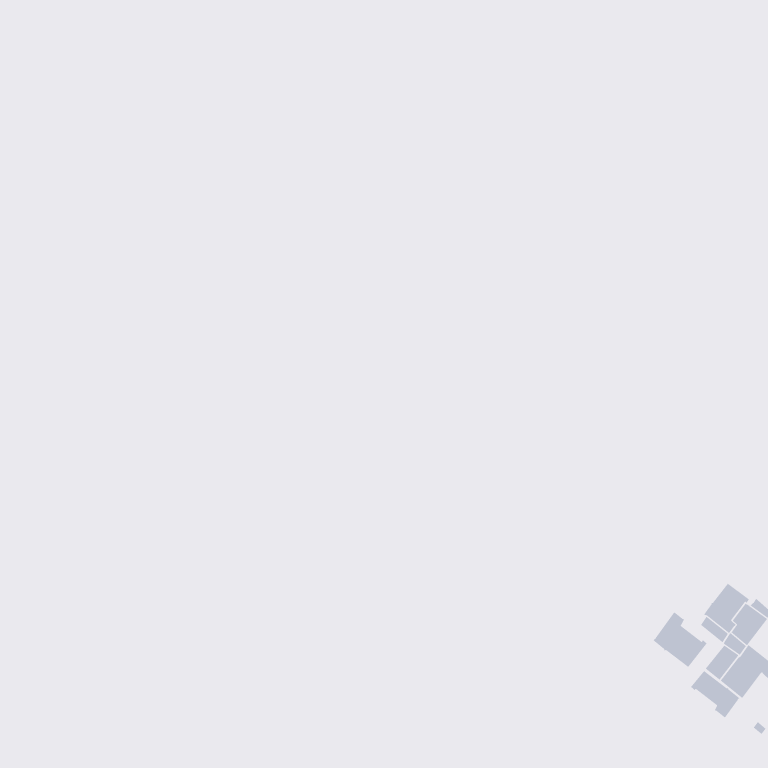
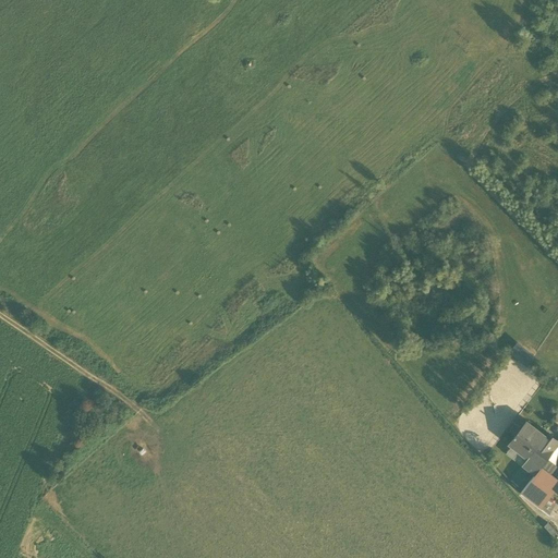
building: [652,612,708,668] -> none
building: [690,670,741,718] -> none

